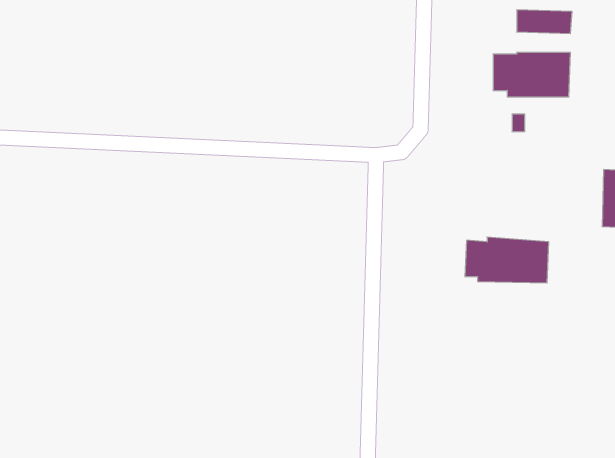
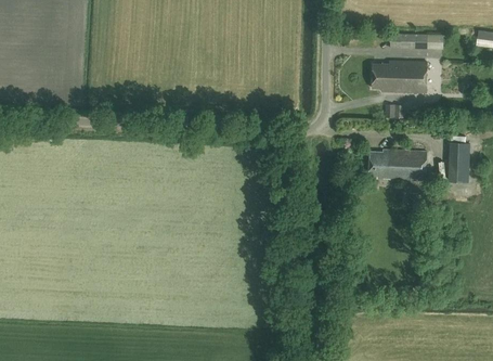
building: [465,237,549,283] -> [367,149,425,180]

